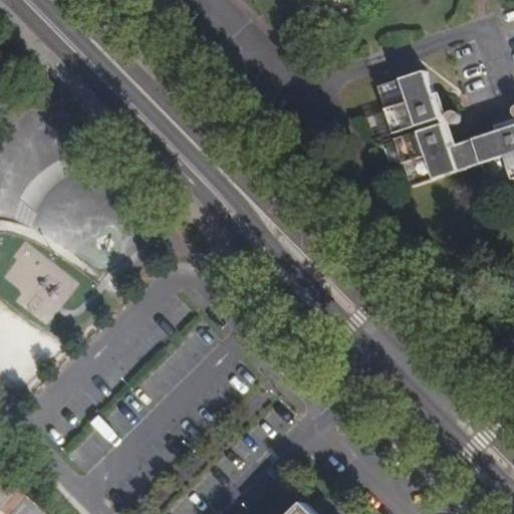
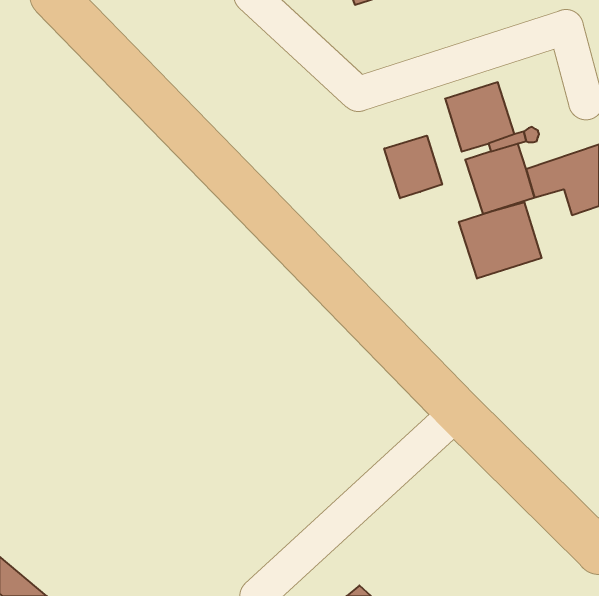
building: none -> [384,136,442,198]
building: none -> [459,202,542,279]

